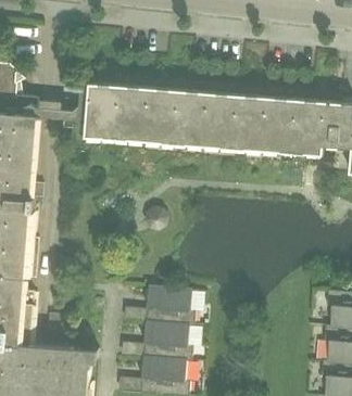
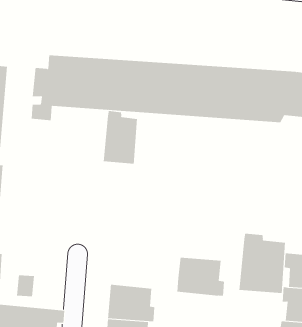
building: none -> [103,110,138,164]
building: none -> [239,233,286,294]
building: [146,286,196,327] -> [177,257,225,296]

